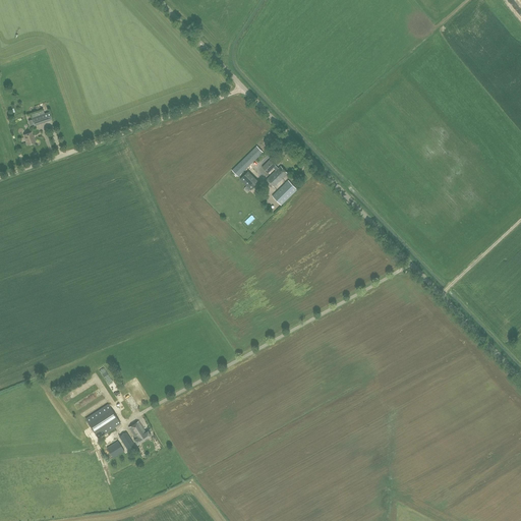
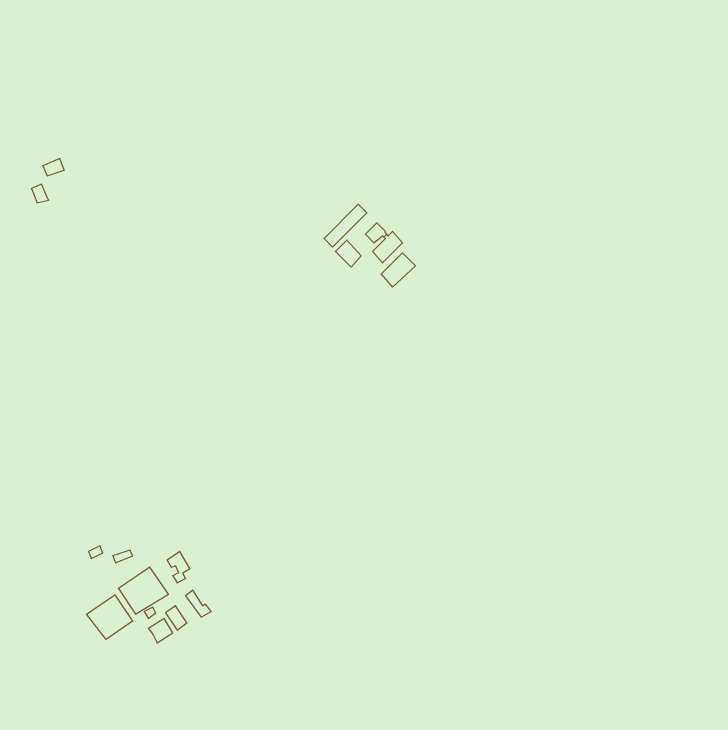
building: none -> [87,595,133,639]

